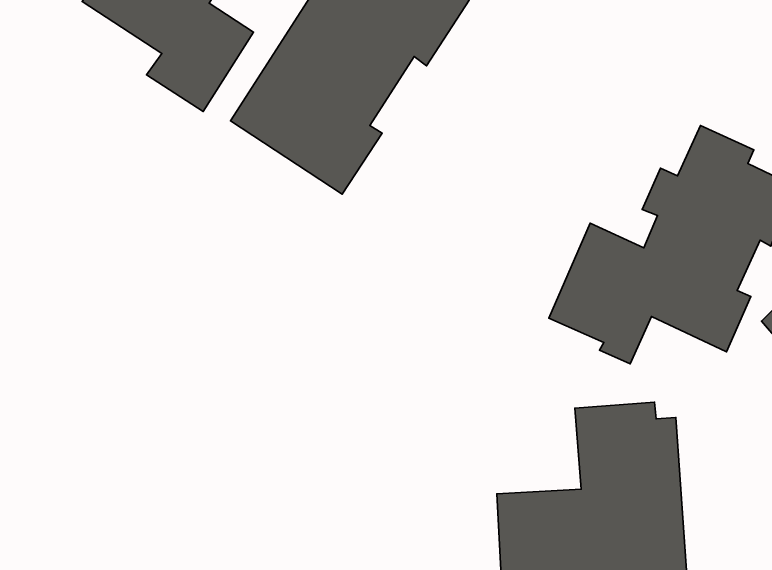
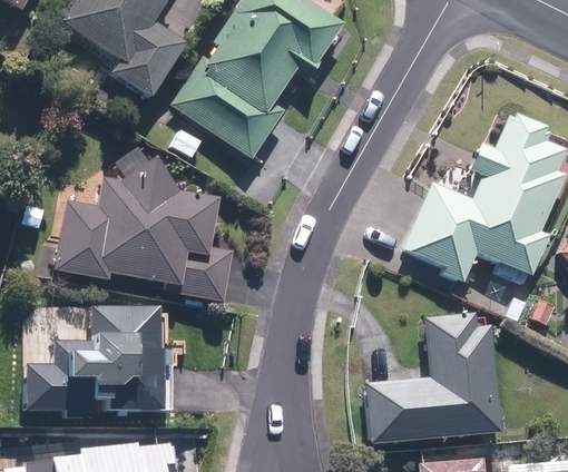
building: none -> [58,156,231,304]
building: none -> [25,304,172,419]

